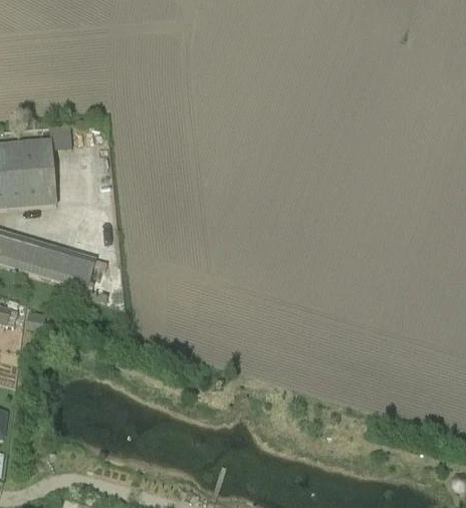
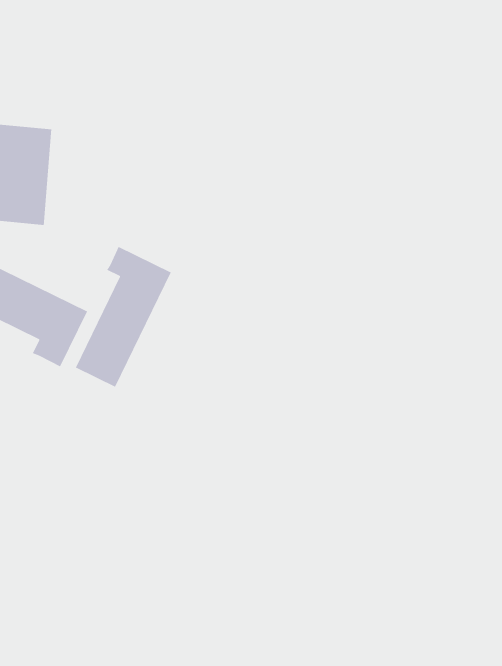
building: none -> [75,246,172,388]

